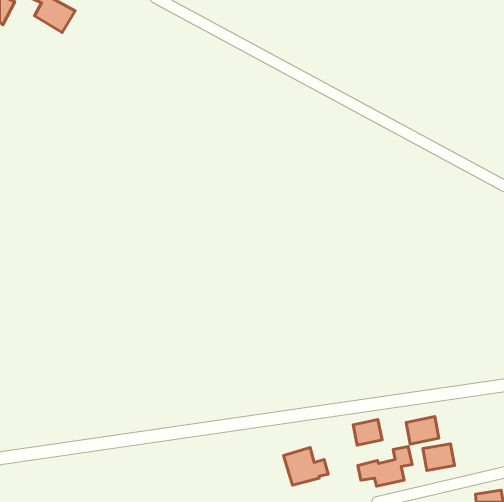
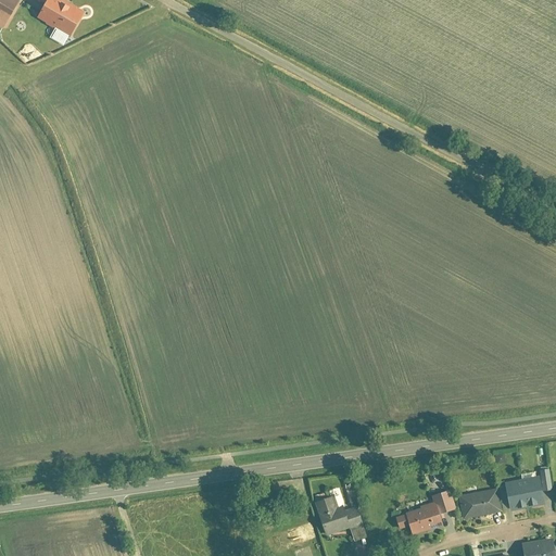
building: [406,416,439,444] -> [506,476,542,506]
building: [353,420,382,445] -> none

